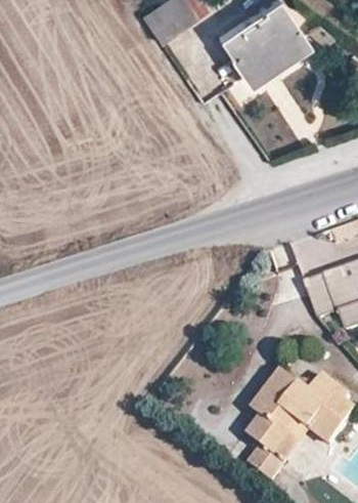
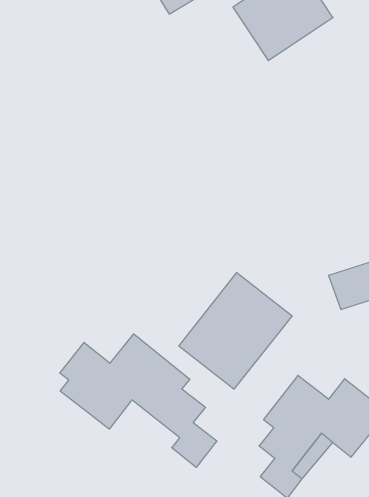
building: none -> [179,273,292,389]
building: none -> [60,334,217,467]

